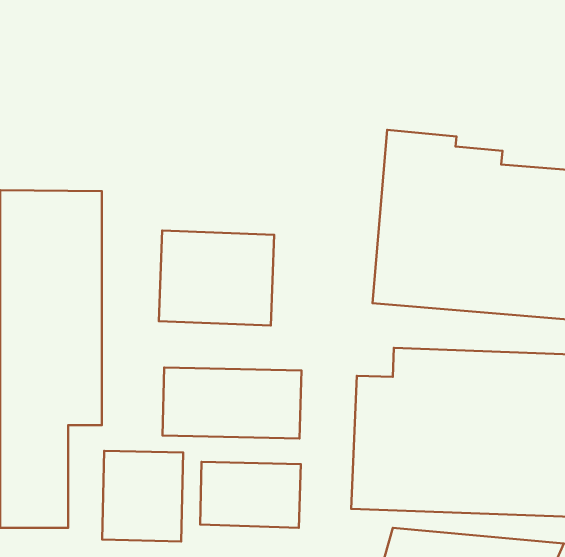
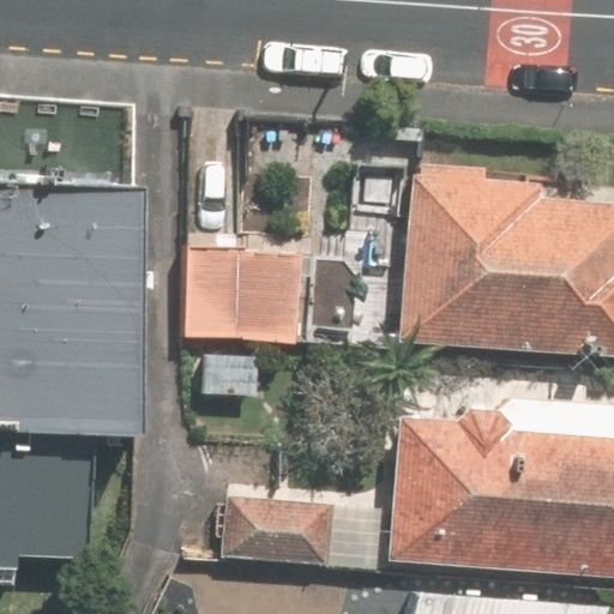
building: [162,367,301,439] -> none
building: [102,451,183,542] -> none

